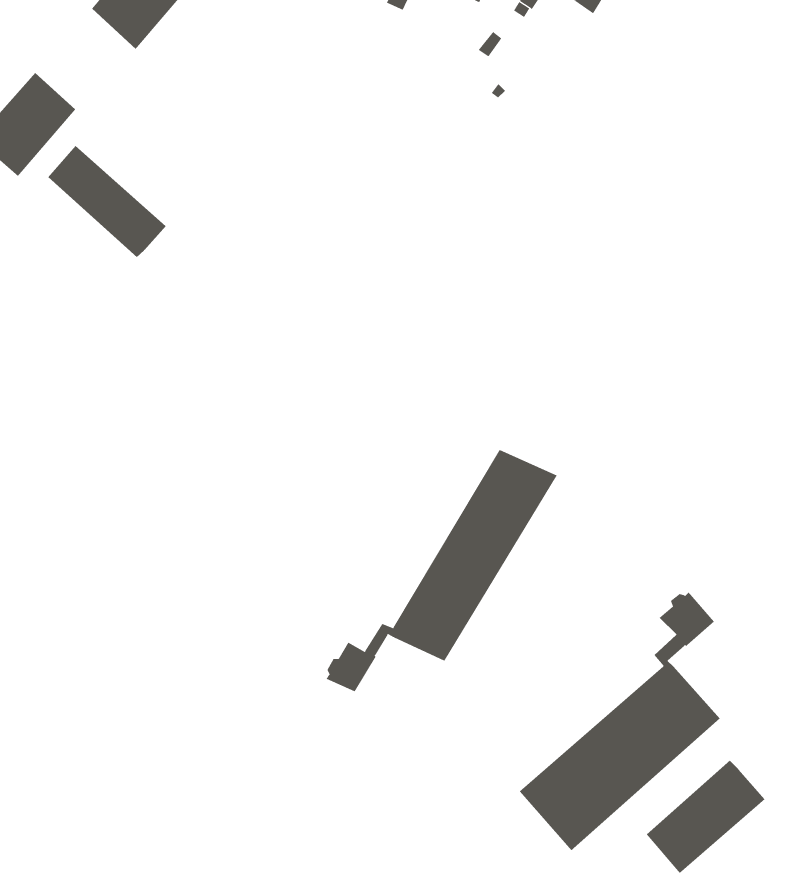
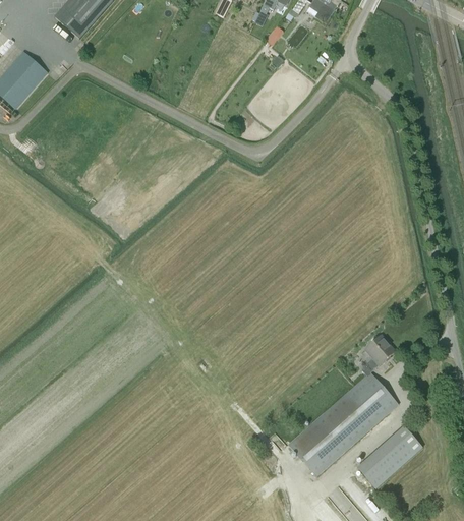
building: [48,145,166,258] -> none
building: [326,449,558,692] -> none

